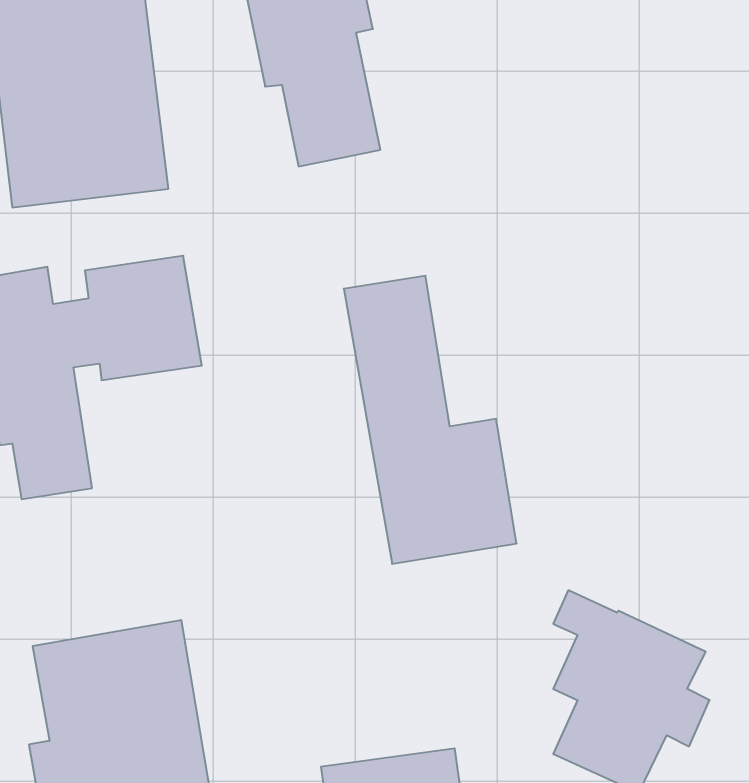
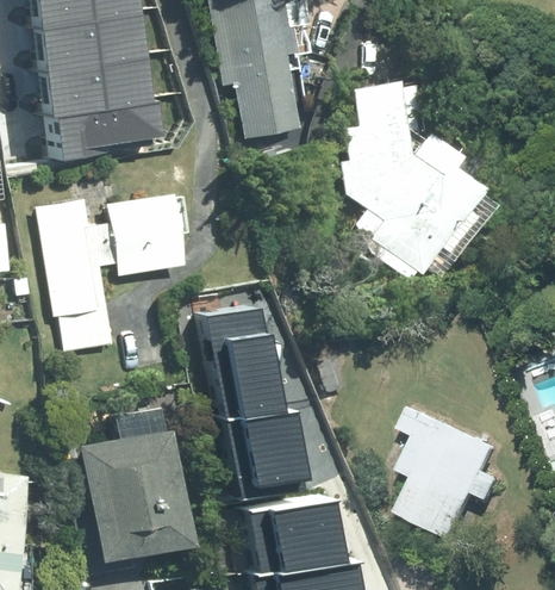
building: none -> [338,79,484,274]
building: [344,276,517,564] -> [210,317,320,502]

